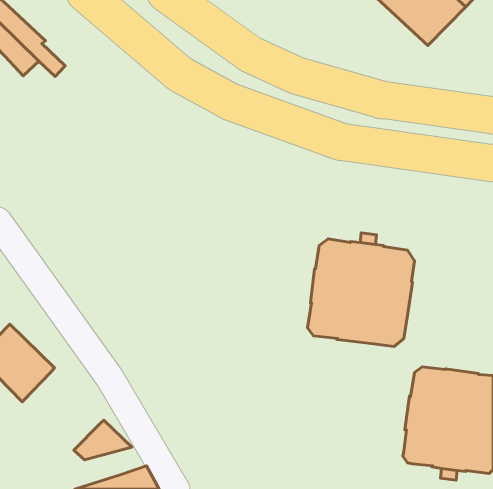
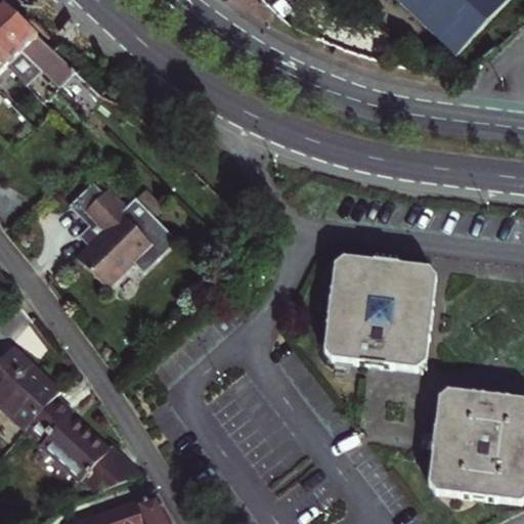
building: none -> [81,191,188,298]
building: none -> [26,393,105,477]

